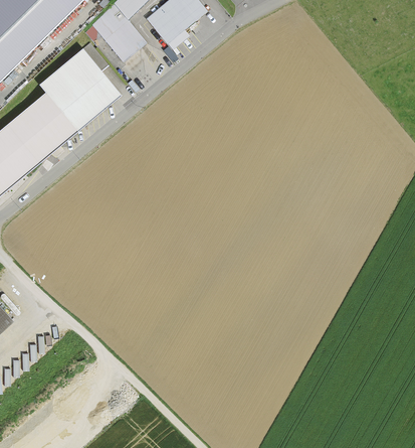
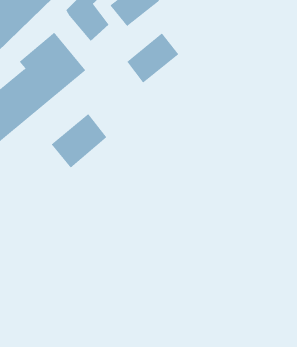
building: none -> [127,33,179,83]
building: none -> [51,113,107,169]

